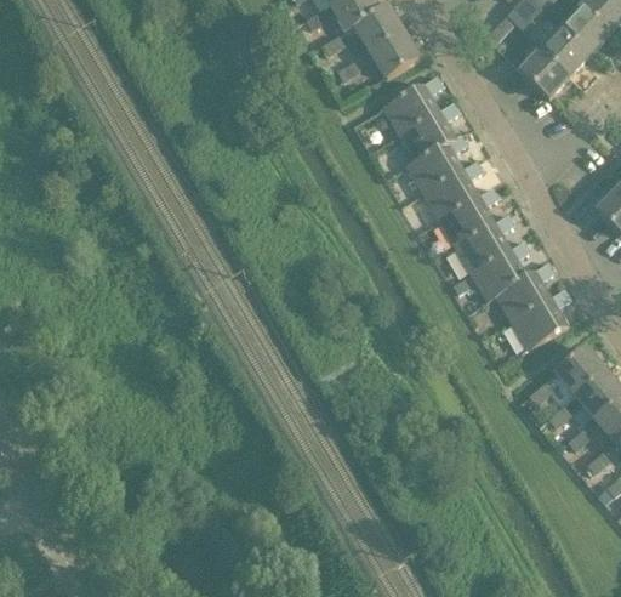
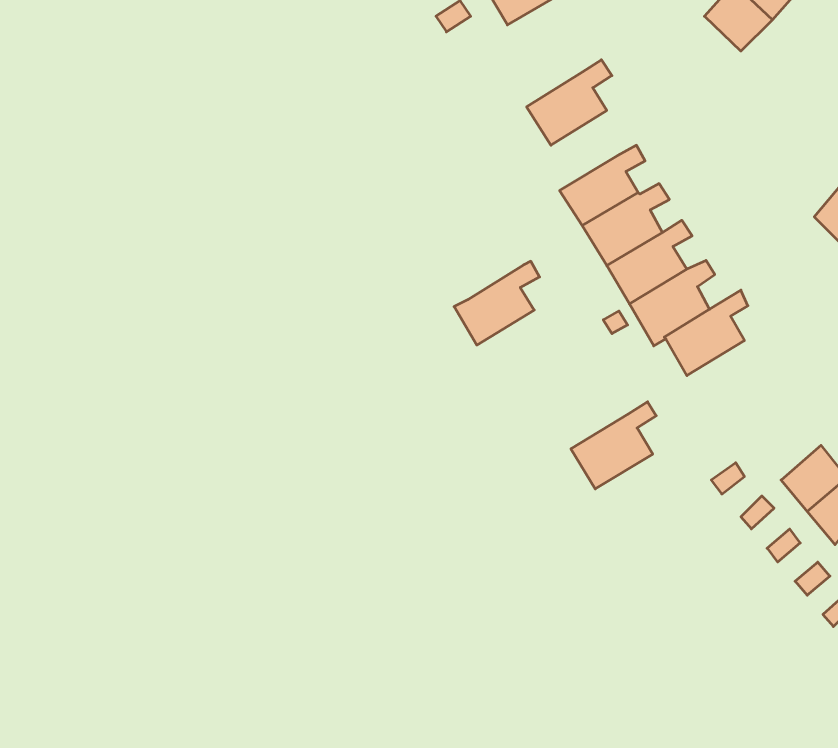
building: [381,75,441,133] -> none
building: [405,133,465,192] -> [454,261,540,345]
building: [509,288,569,348] -> [571,402,656,489]
building: [556,346,603,393] -> none

